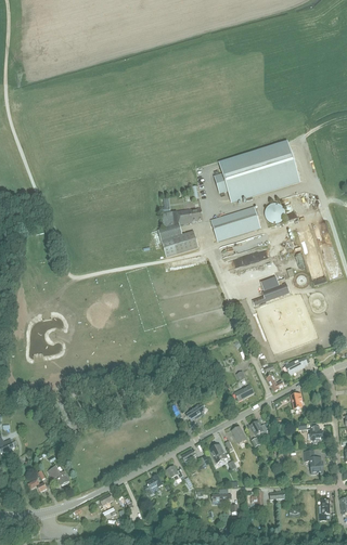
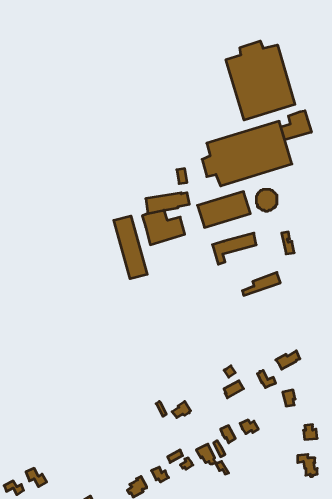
building: none -> [226,41,295,120]
building: none -> [281,111,311,140]
building: none -> [114,216,147,279]

